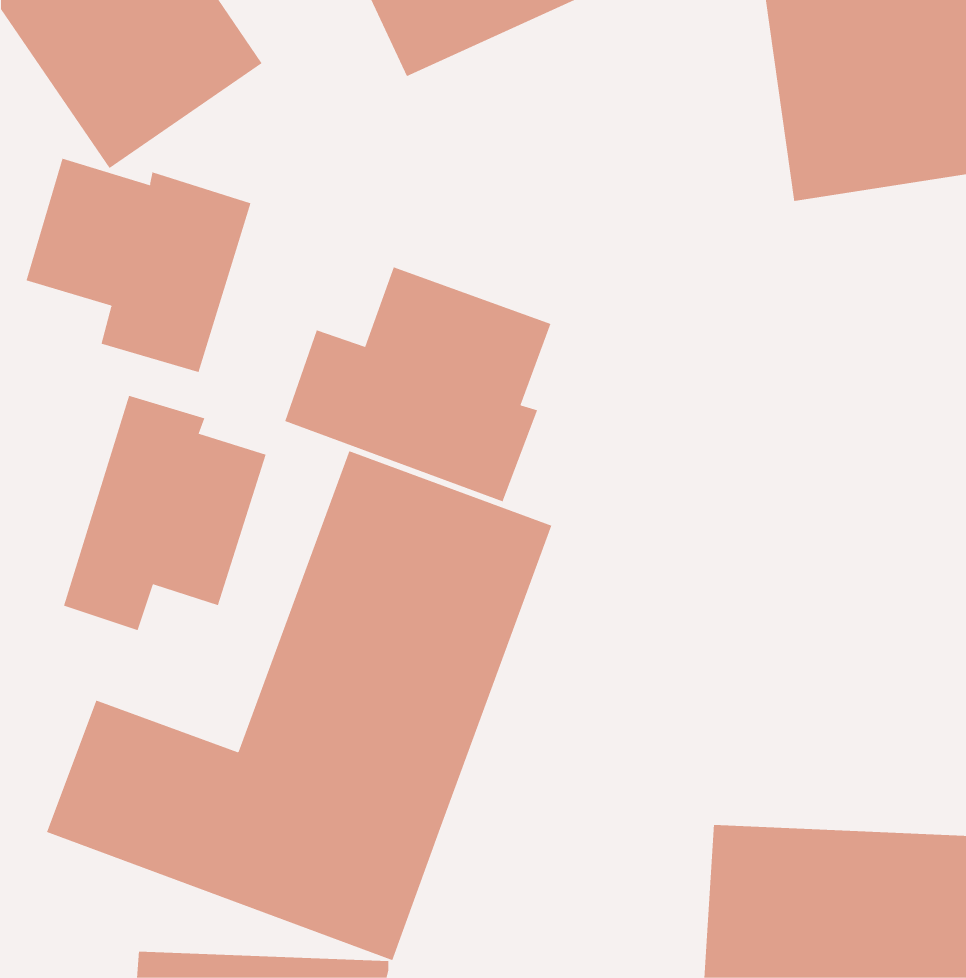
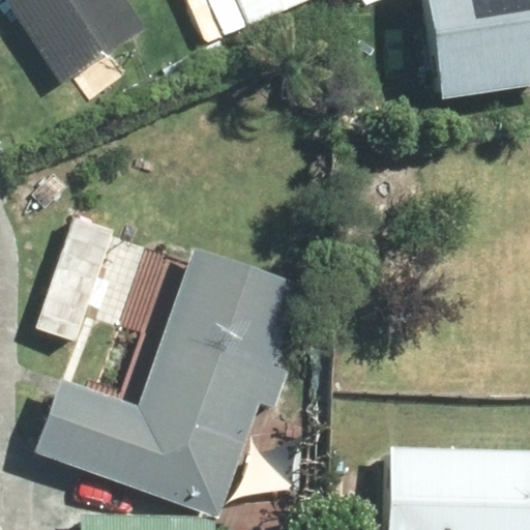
building: [26,158,251,373] -> none
building: [284,267,551,502] -> none

